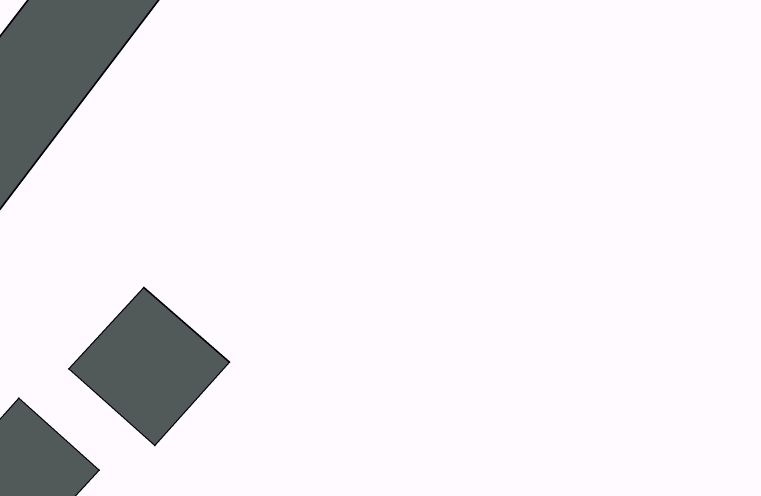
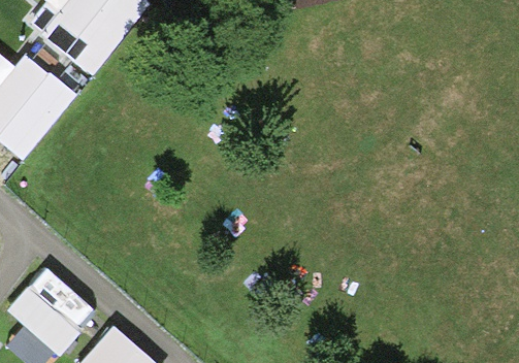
building: [69,287,230,445] -> none

